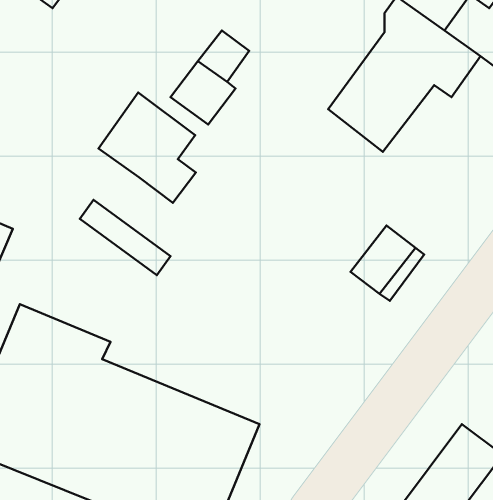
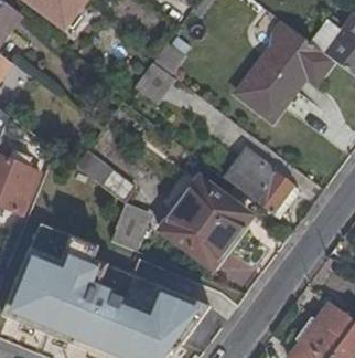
building: [99,92,196,203] -> none
building: none -> [224,146,276,198]
building: none -> [159,177,251,267]
building: none -> [112,204,151,250]

